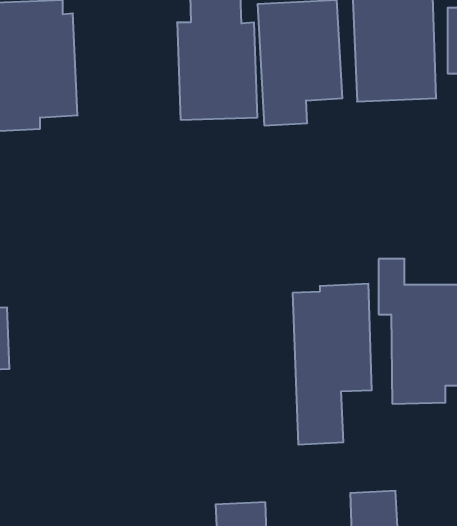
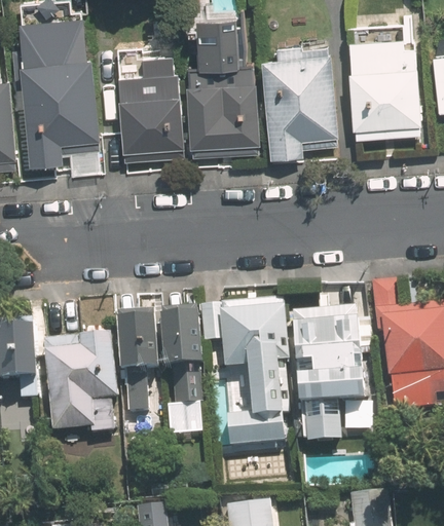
building: none -> [115,57,183,173]
building: none -> [205,301,284,446]
building: none -> [119,313,205,418]
building: none -> [43,337,117,437]

